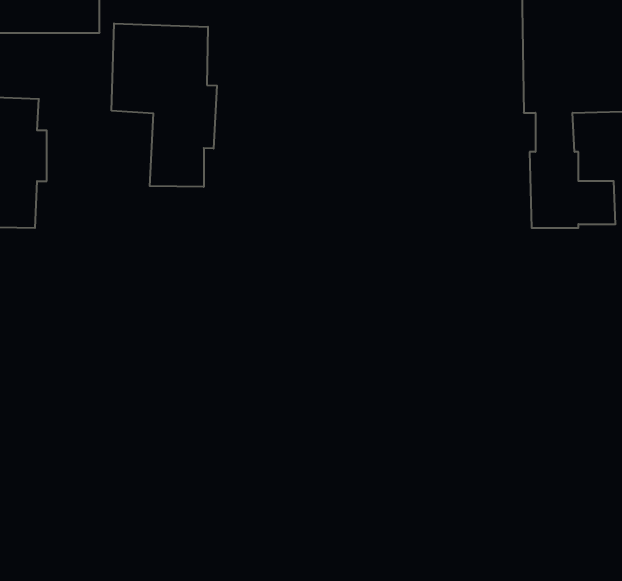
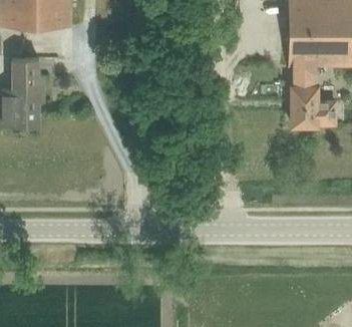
building: [112,23,217,187] -> none

